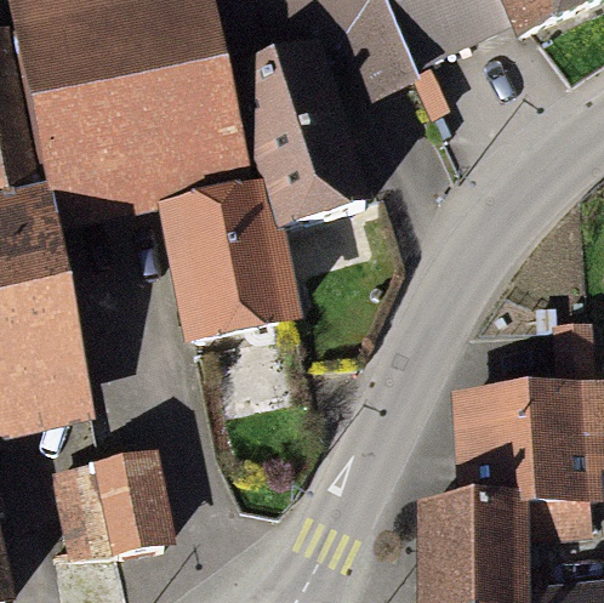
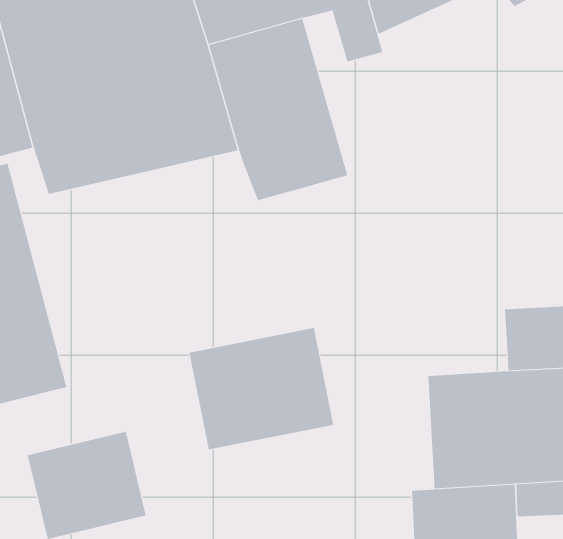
building: [171,195,301,349] -> none
building: none -> [189,327,334,450]

